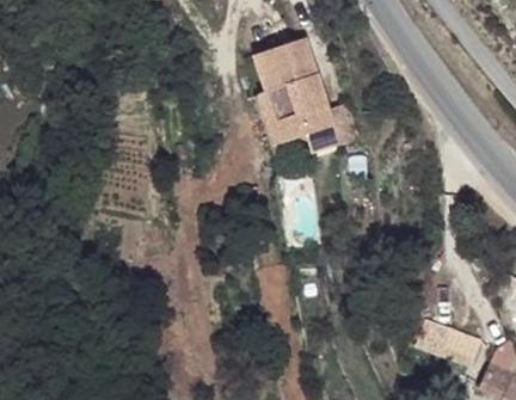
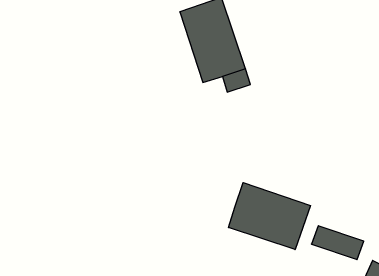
building: none -> [229,183,310,250]

